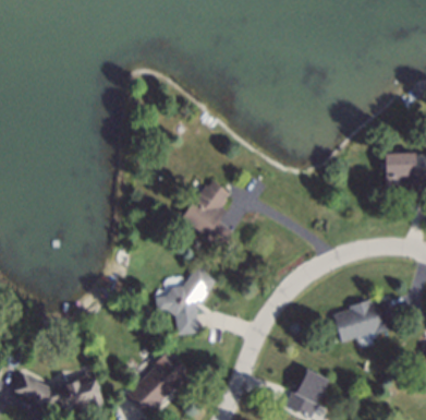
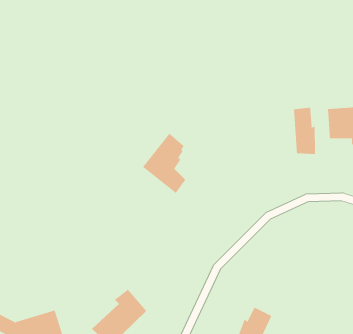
building: none -> [294,107,316,155]
building: [158,265,218,335] -> none
building: [336,298,395,343] -> none

